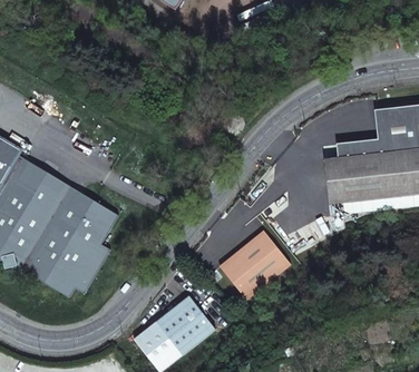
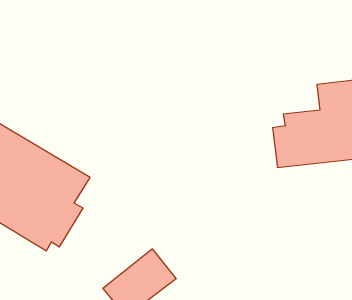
building: [221,231,291,298] -> none

